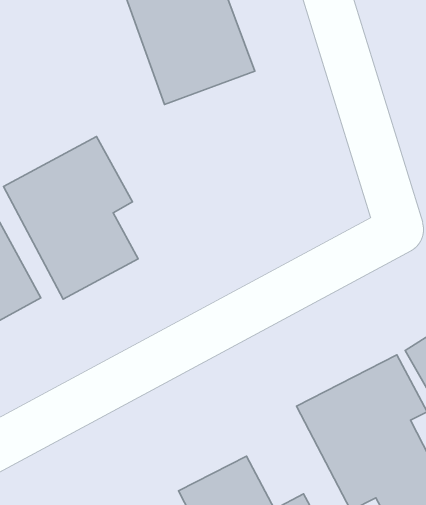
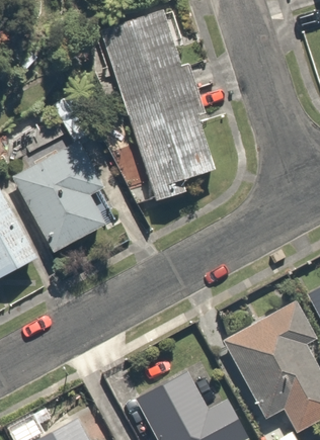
building: none -> [128,92,218,200]

